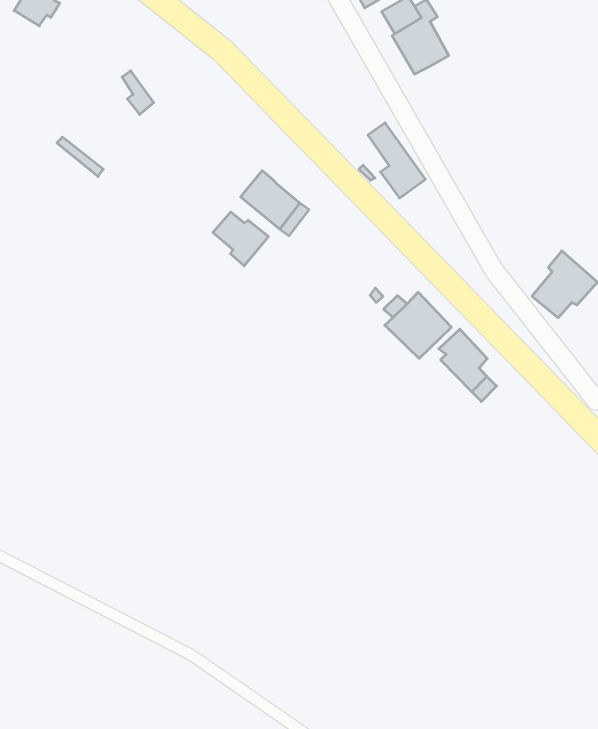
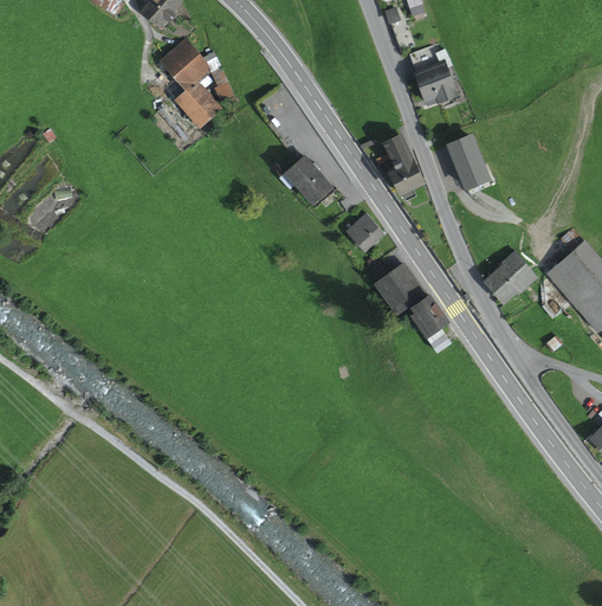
building: none -> [161,39,219,125]
building: none -> [448,137,486,187]
building: [213,212,268,266] -> none
building: none -> [348,213,383,249]

